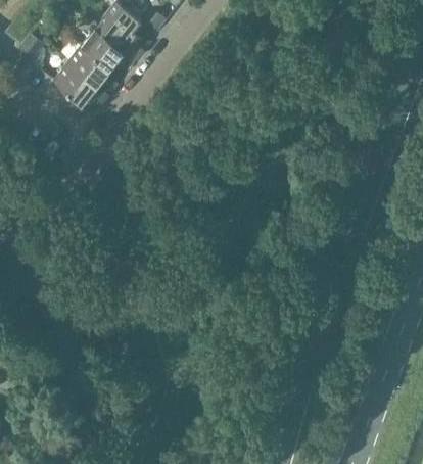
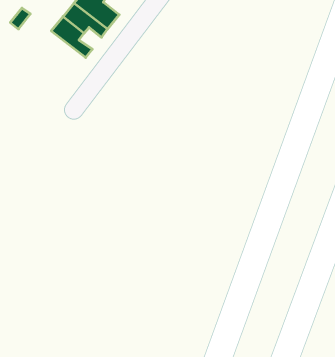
building: [52,63,107,114] -> none

